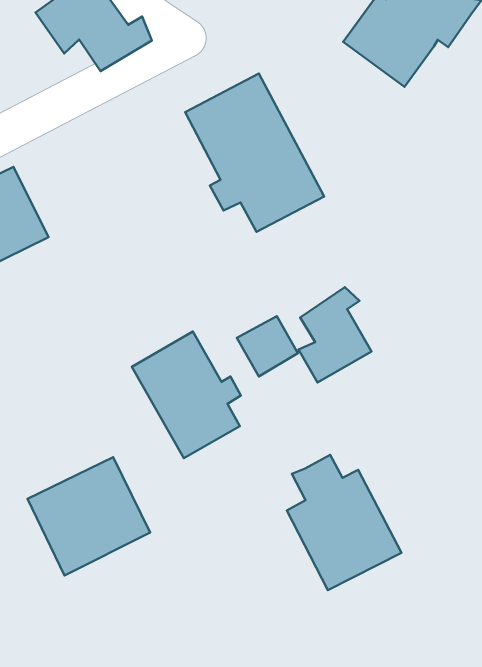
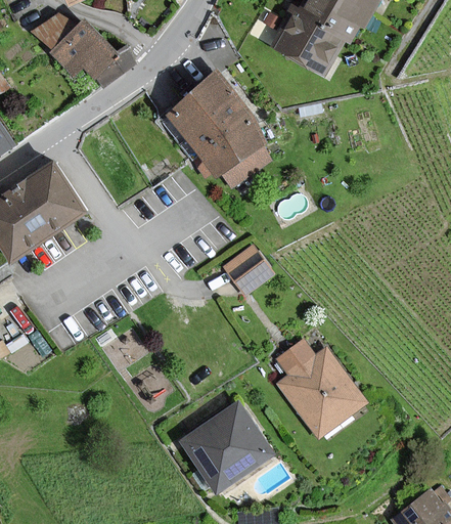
building: [298,287,372,382] -> none
building: [132,332,241,458] -> none
building: [28,457,150,575] -> [183,402,274,491]

